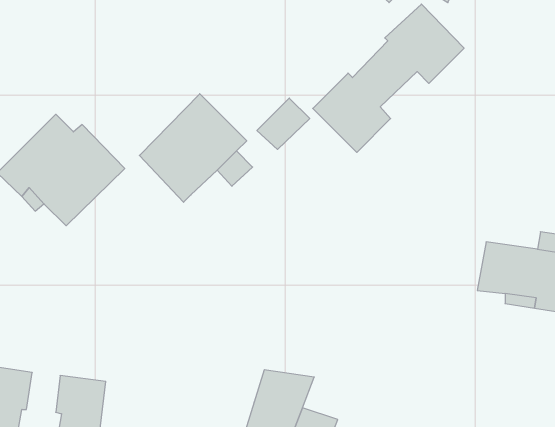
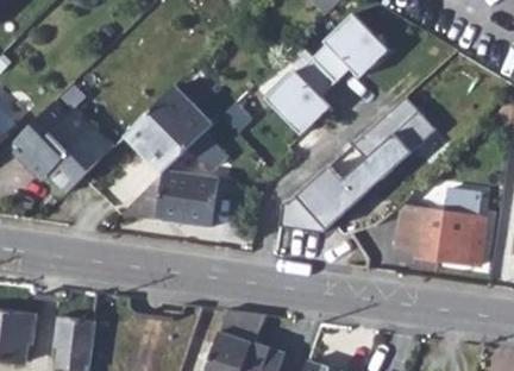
building: none -> [277,99,433,232]
building: none -> [119,169,219,228]

